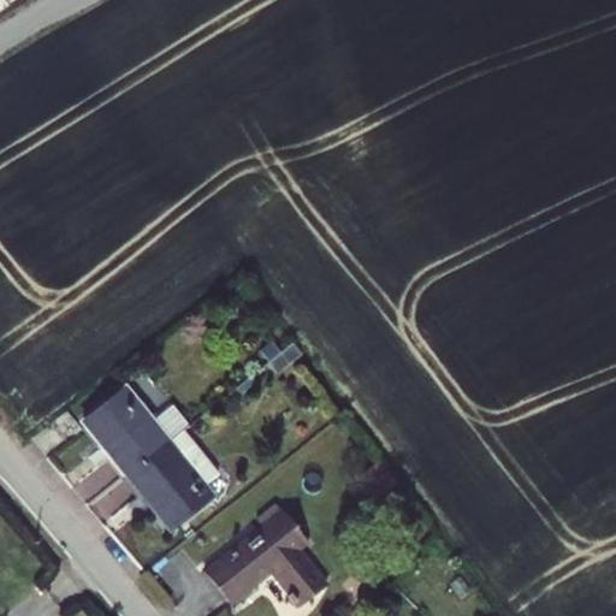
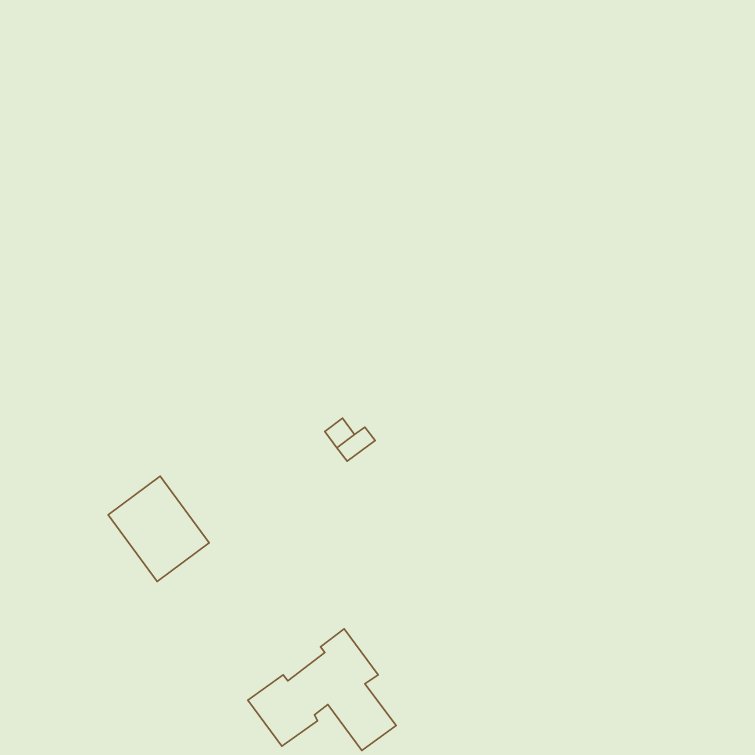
building: [128,426,223,527] -> none

